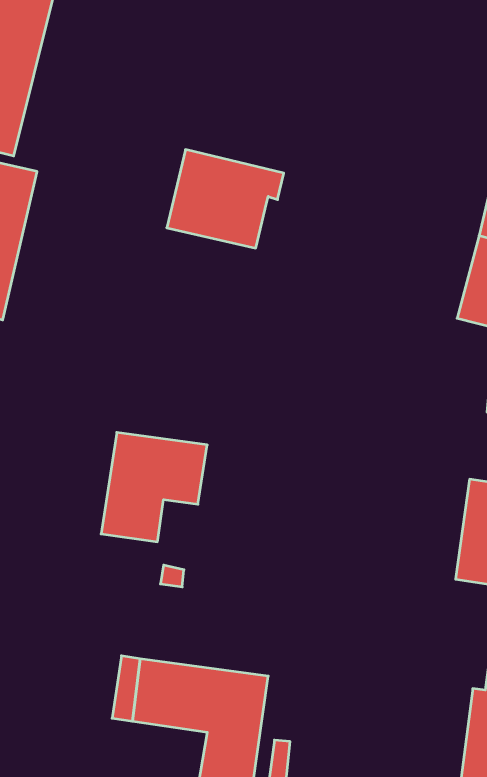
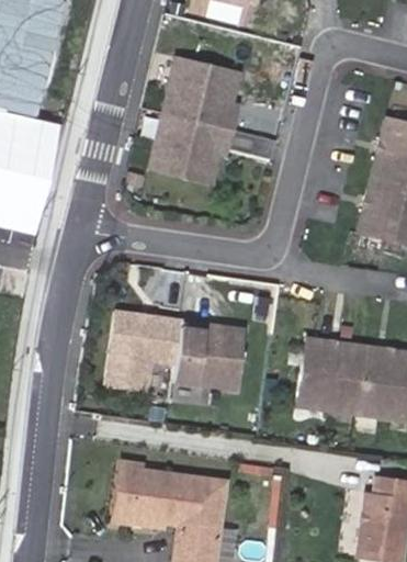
building: none -> [165,57,240,128]
building: none -> [171,319,244,387]
building: none -> [296,336,364,414]

